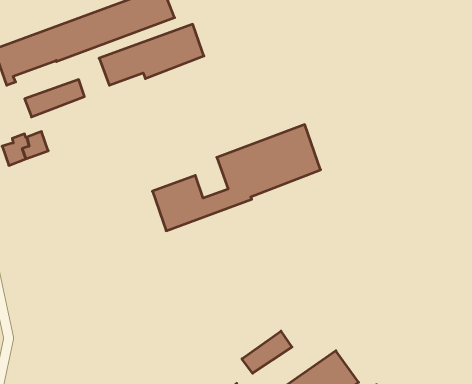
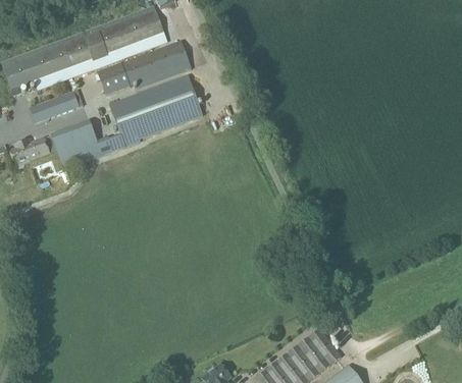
building: [152,125,321,231] -> [51,73,203,169]
building: [242,331,292,373] -> none

